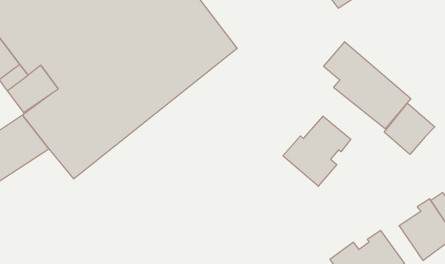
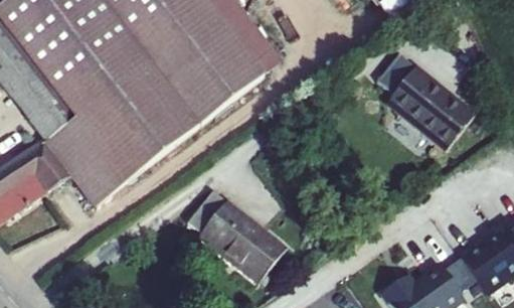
building: [384,103,435,154] -> none
building: [283,116,351,186] -> none
building: none -> [201,181,291,280]

